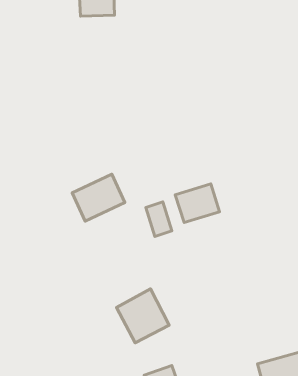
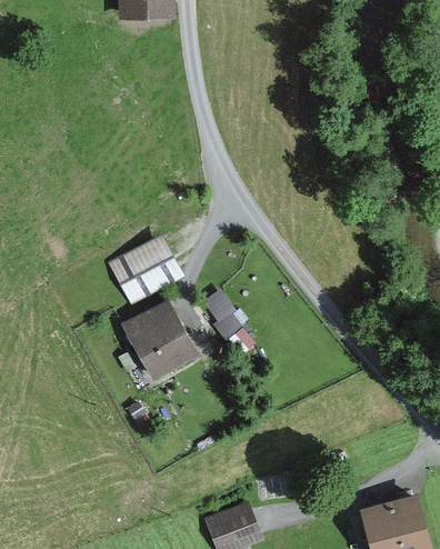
building: [175,184,220,223] -> none
building: [117,289,169,343] -> [123,303,196,378]

